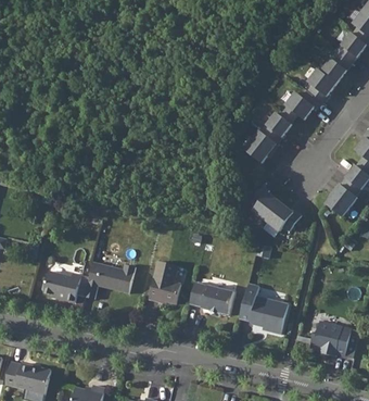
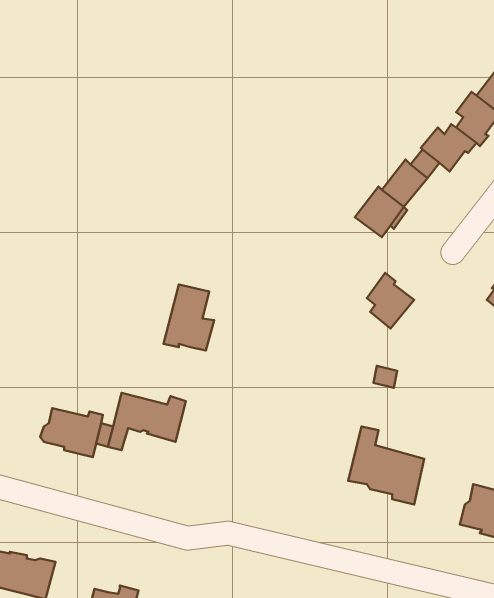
building: [266,202,302,231] -> none
building: [148,261,180,303] -> [164,285,214,350]
building: [189,283,233,315] -> none

